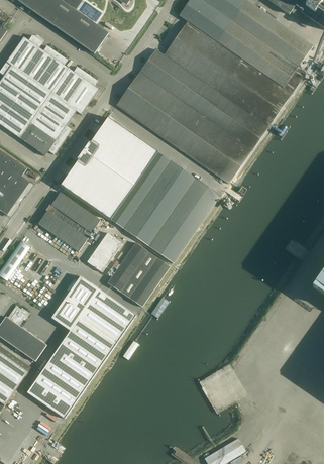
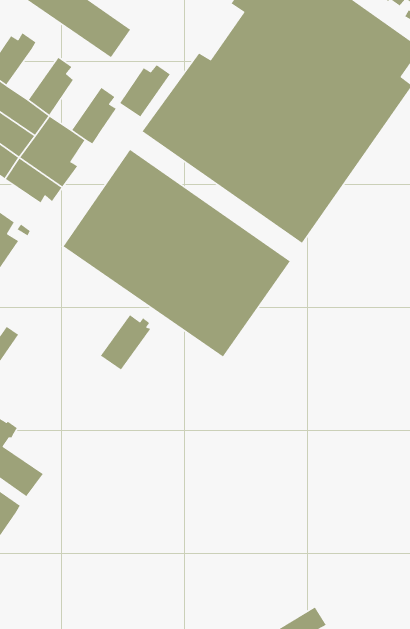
building: [20,44,57,82] -> none
building: [50,66,87,103] -> [119,64,171,117]
building: [37,191,100,251] -> none
building: [107,241,170,306] -> none
building: [26,275,135,418] -> none

